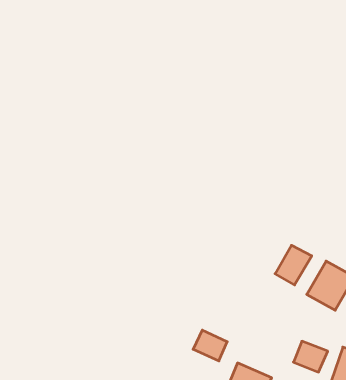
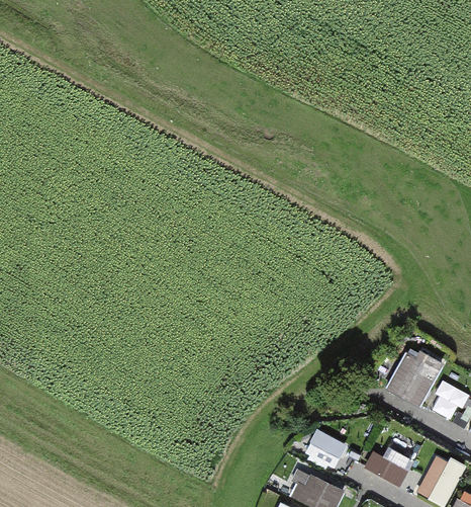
building: [275,245,312,285] -> none
building: [193,330,227,361] -> [305,430,347,468]

